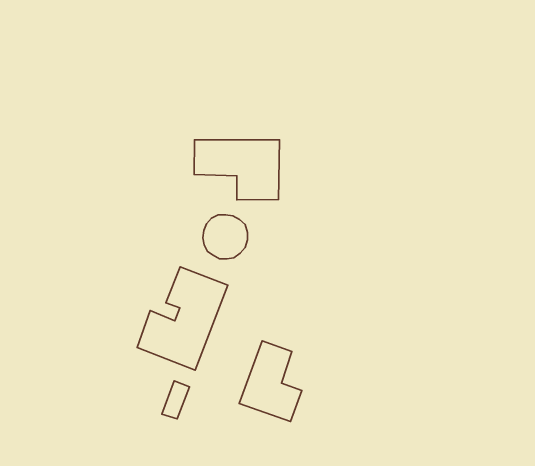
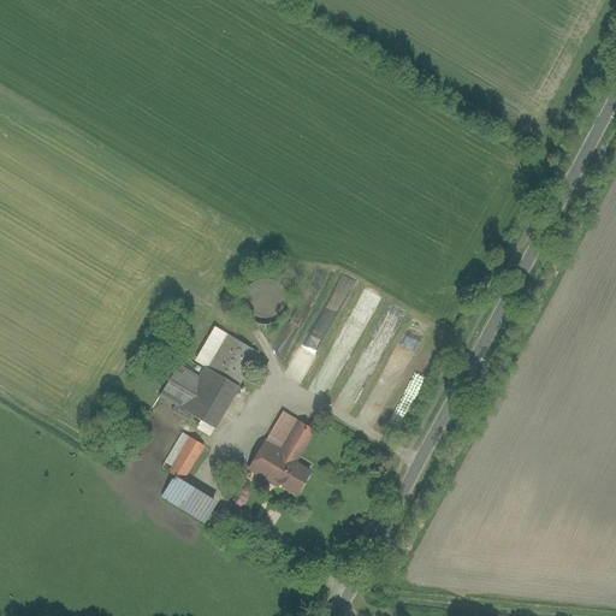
building: [194,140,280,200] -> none
building: none -> [164,476,213,516]

